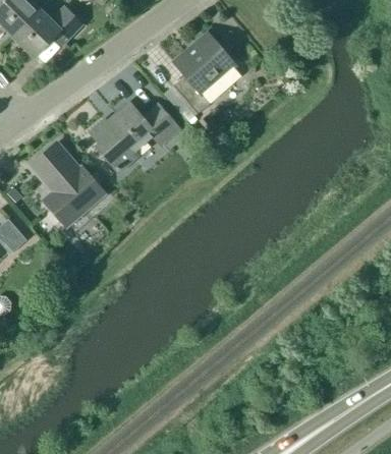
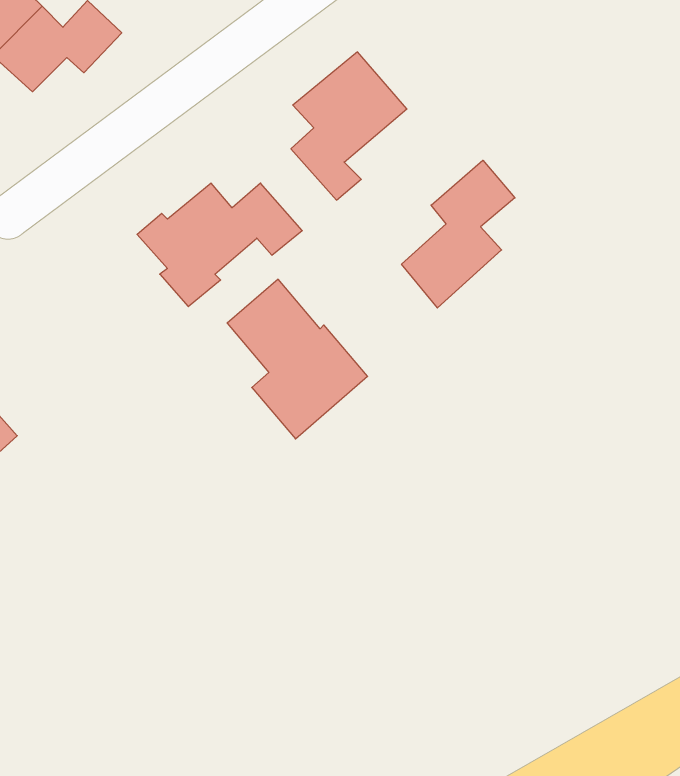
building: none -> [402,160,515,308]
building: [29,140,104,226] -> [227,279,368,439]

